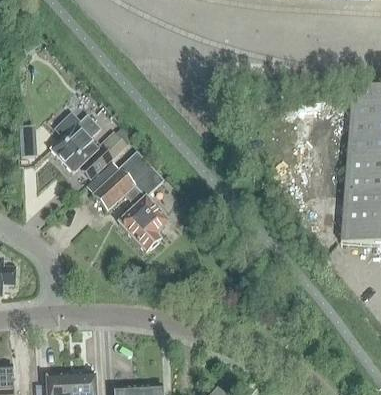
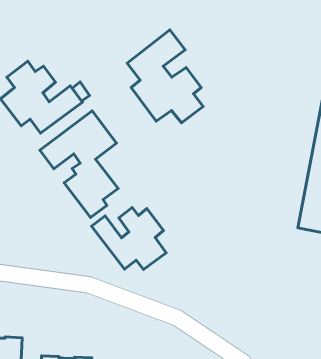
building: none -> [127,30,203,123]
building: none -> [92,207,166,269]

